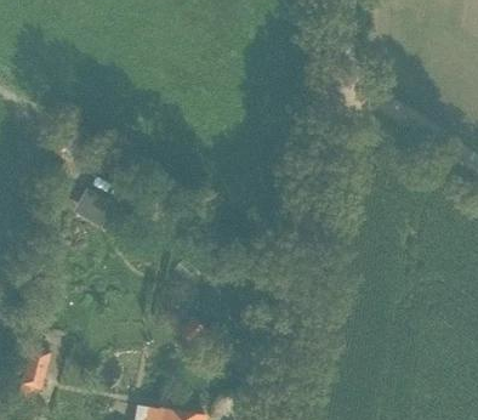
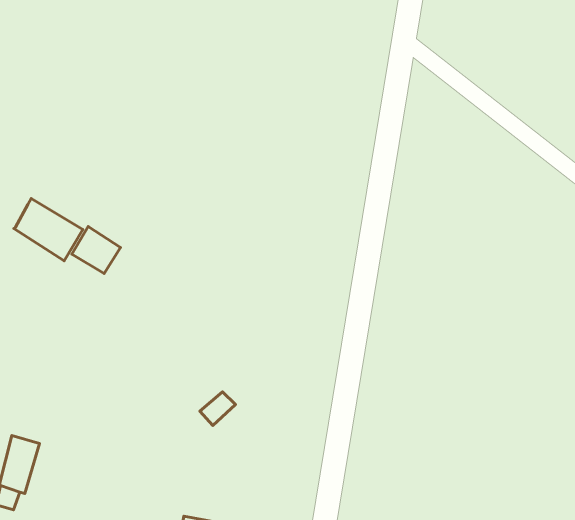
building: none -> [14,199,83,261]

